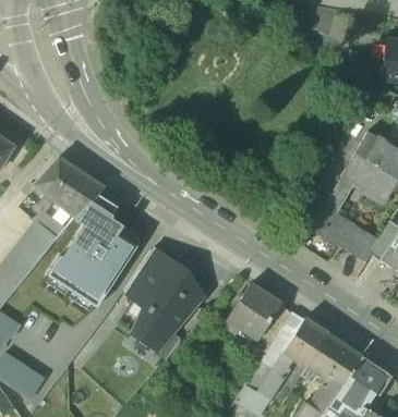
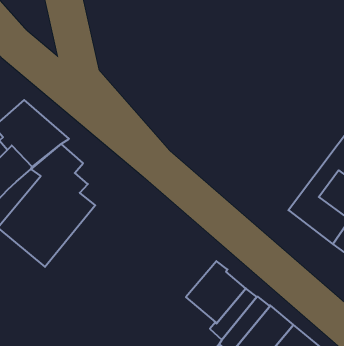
building: [123,247,202,348] -> none

